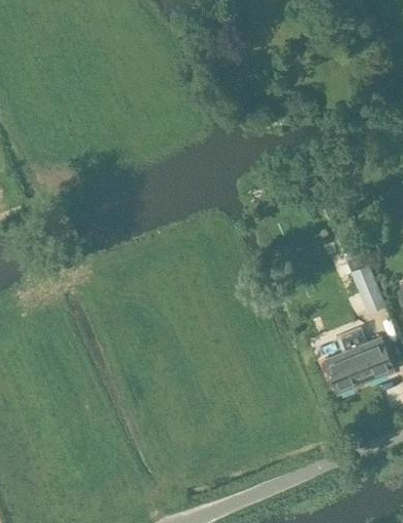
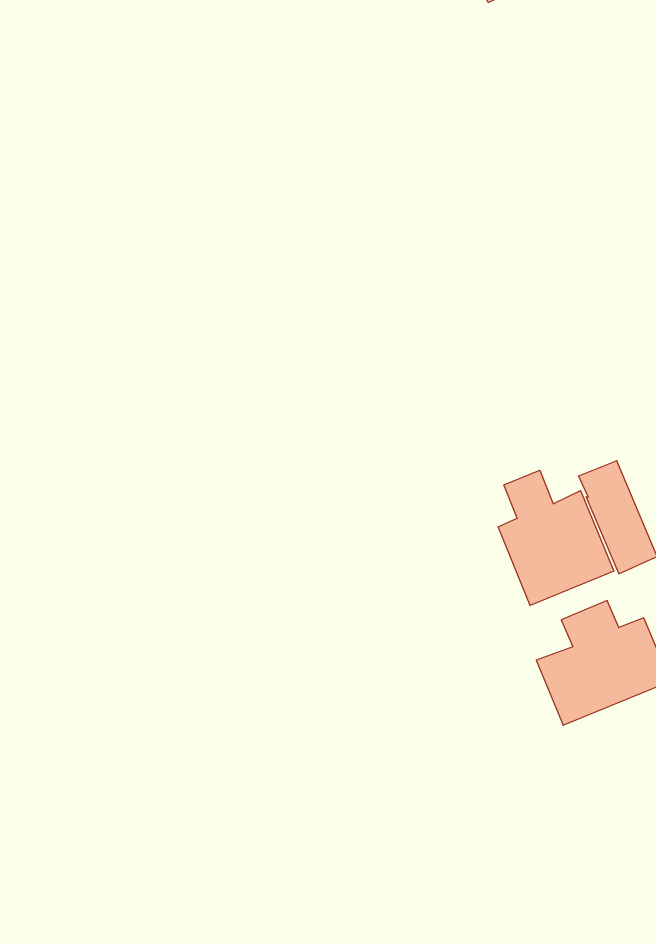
building: none -> [498,470,614,606]

